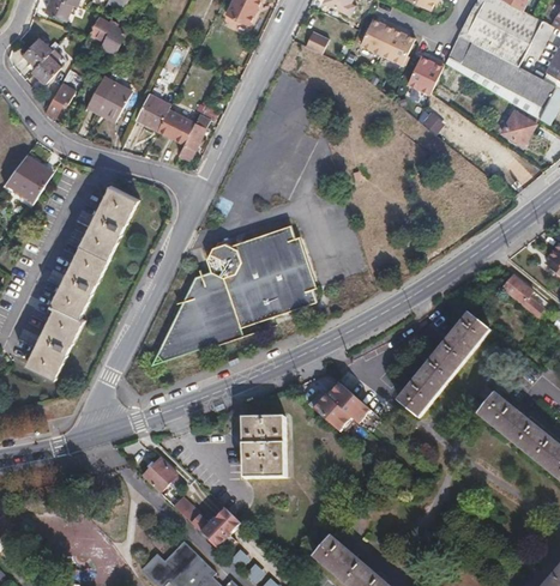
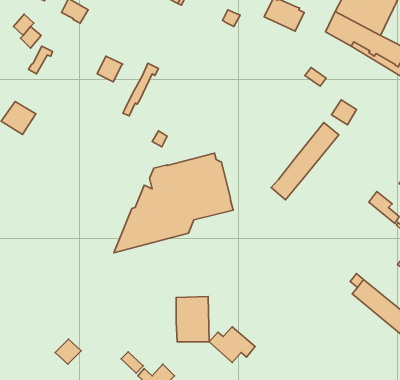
building: [408,52,444,90] -> none
building: [86,74,131,120] -> none
building: [156,105,197,144] -> none
building: [500,110,534,144] -> [332,100,356,125]
building: [26,185,138,377] -> none
building: [398,314,489,418] -> [271,122,339,200]
building: [308,383,371,431] -> [209,327,255,362]
building: [141,459,176,493] -> [55,339,81,364]

